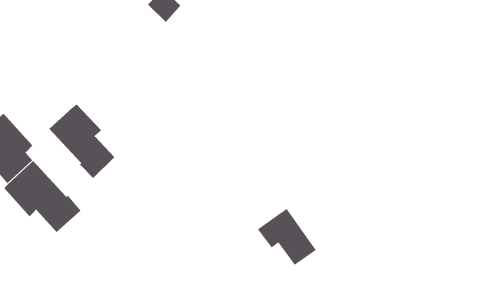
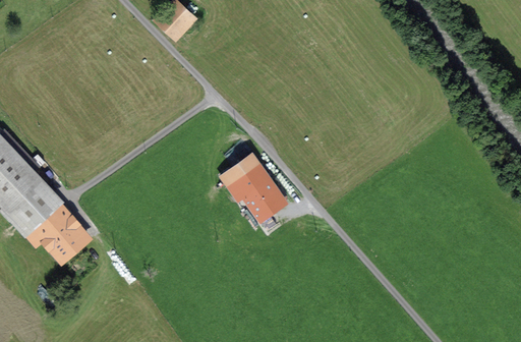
building: [49,103,115,179] -> none
building: [257,208,317,266] -> [221,157,284,218]

